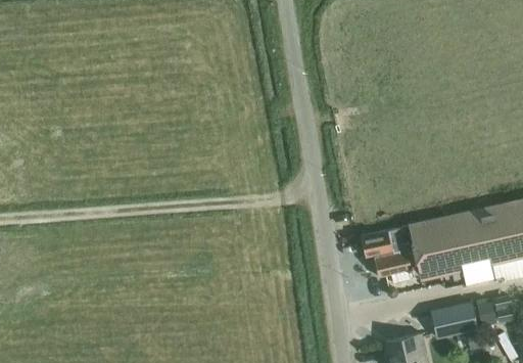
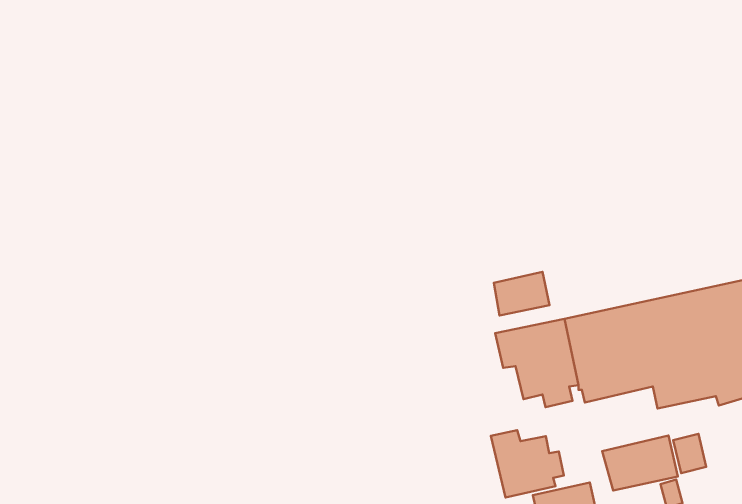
building: none -> [494,272,550,315]
building: none -> [491,430,564,498]

